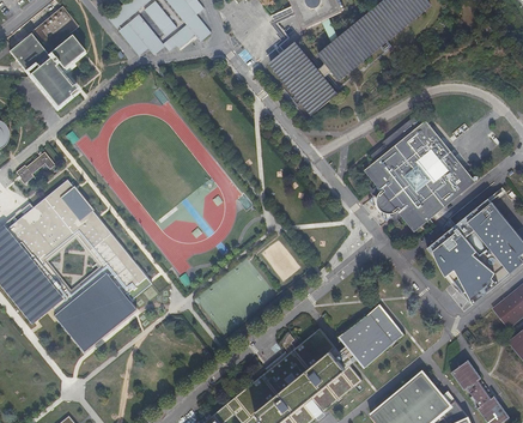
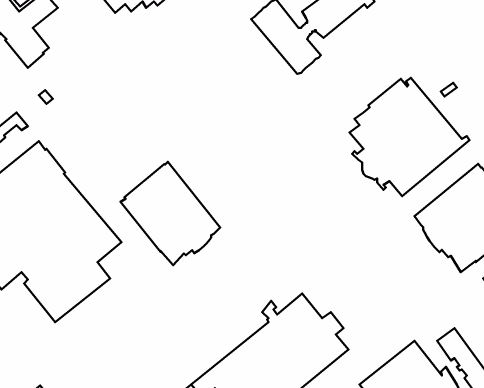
building: none -> [120,162,220,265]
building: [336,302,406,369] -> none

